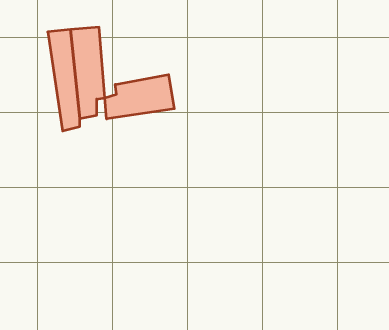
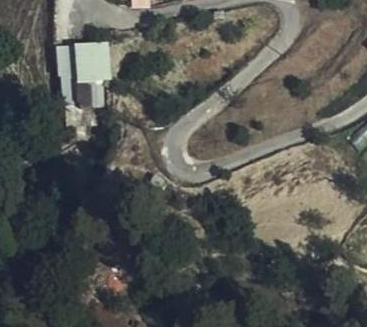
building: [105,75,174,119] -> none

